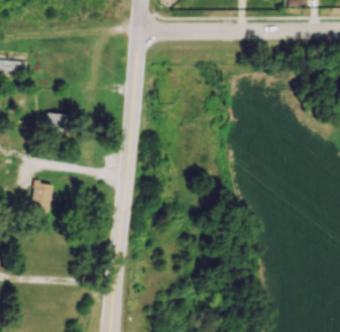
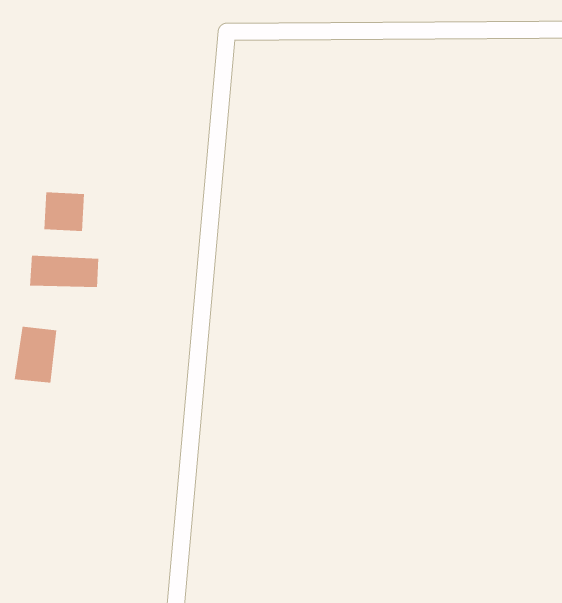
building: none -> [30,255,99,288]

